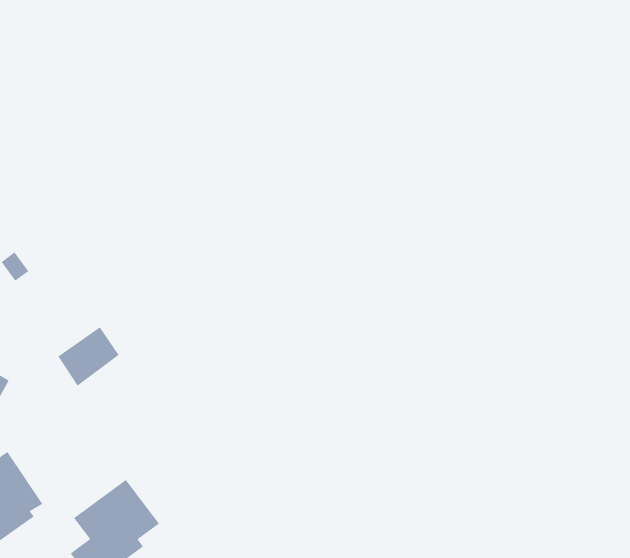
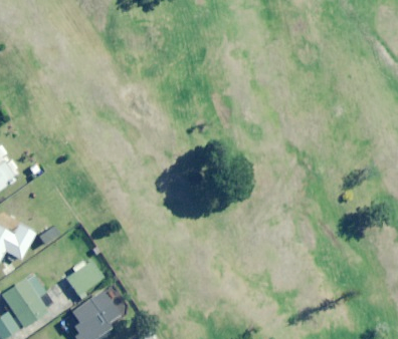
building: [58,327,120,387] -> [68,261,104,295]

